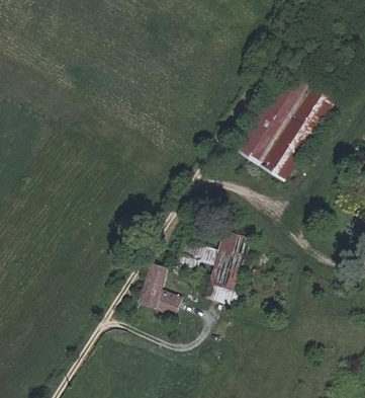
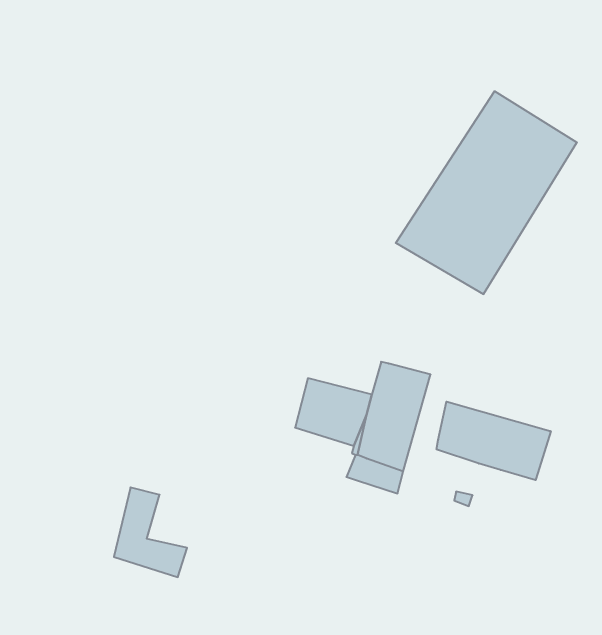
building: none -> [437,402,551,480]
building: [143,261,183,311] -> [114,487,187,577]

